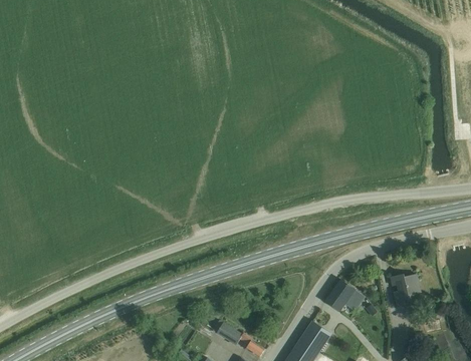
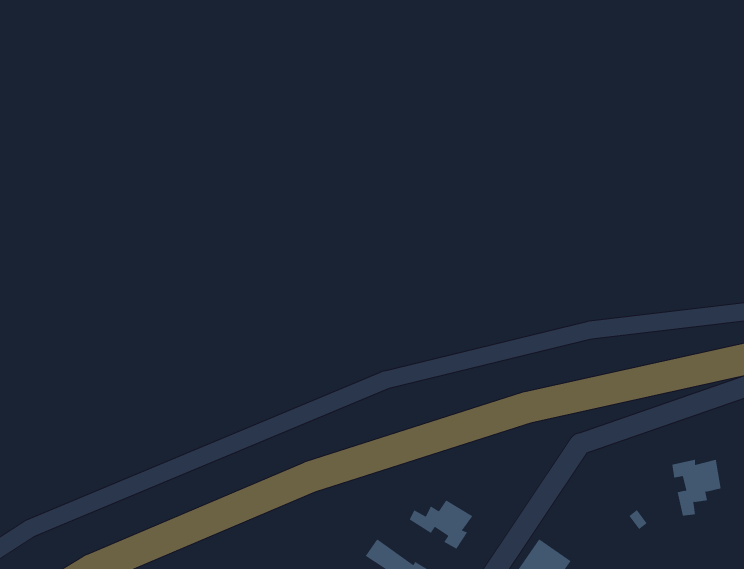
building: [326,280,366,311] -> none
building: none -> [409,499,473,549]

